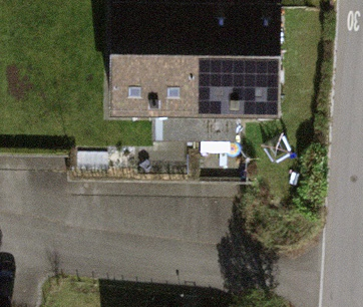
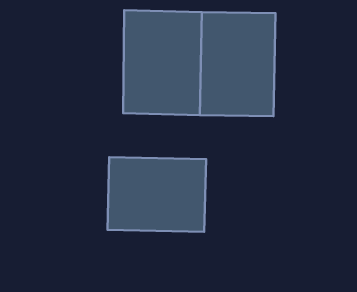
building: none -> [107,157,206,232]

